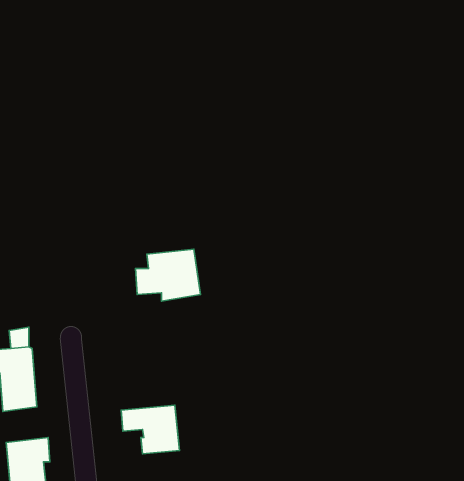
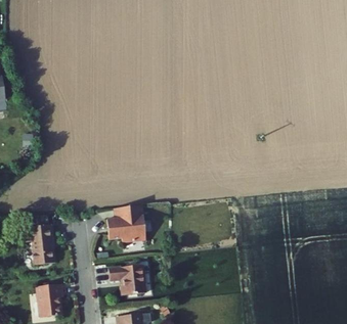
building: [135,249,200,301] -> [110,203,150,236]

